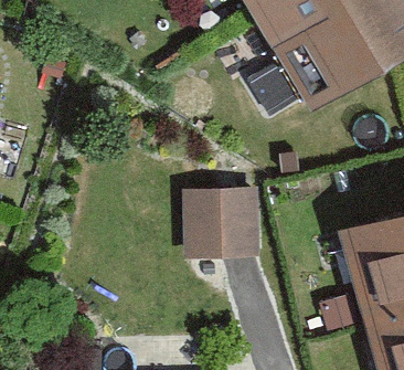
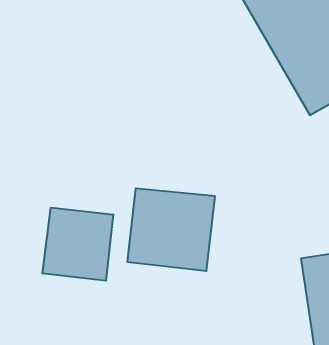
building: none -> [42,208,113,281]

